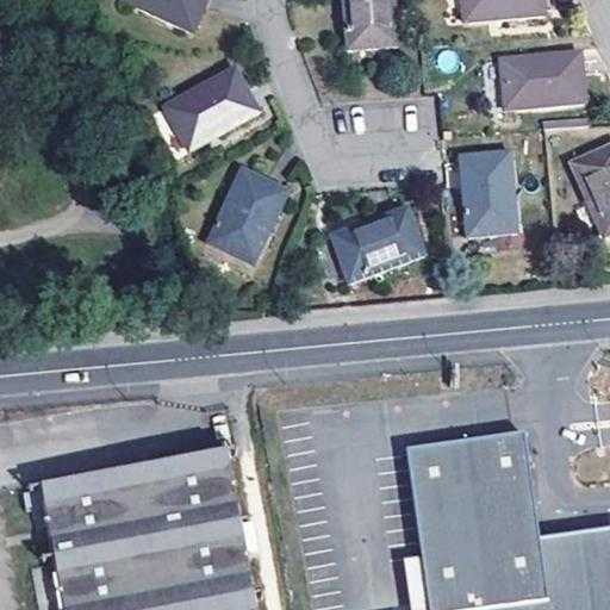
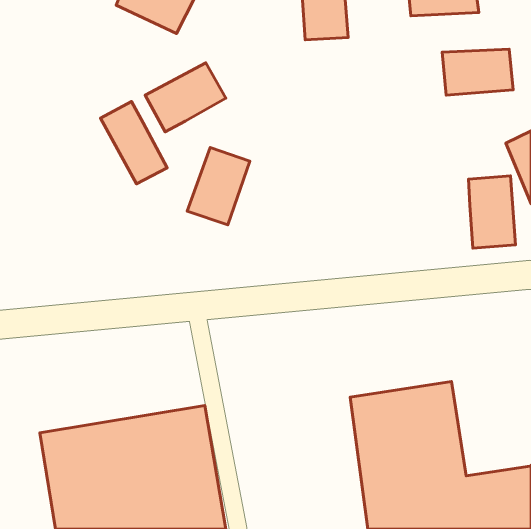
building: none -> [100,101,167,184]
building: [465,154,518,236] -> [469,176,516,248]
building: [331,208,421,276] -> none

